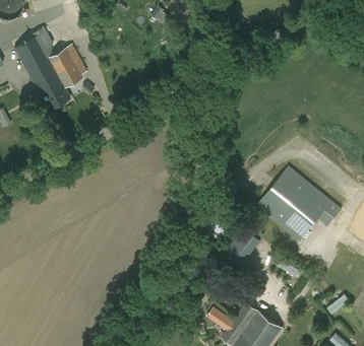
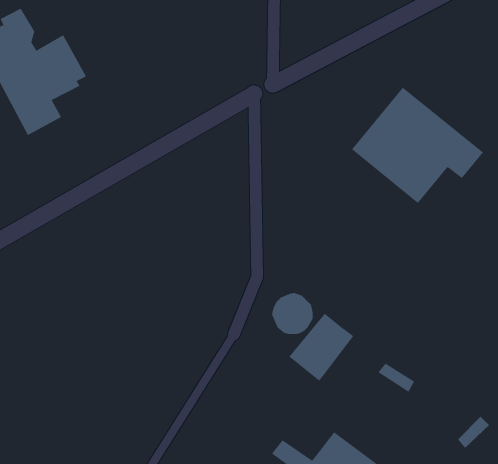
building: [255,166,342,243] -> [351,87,484,204]

